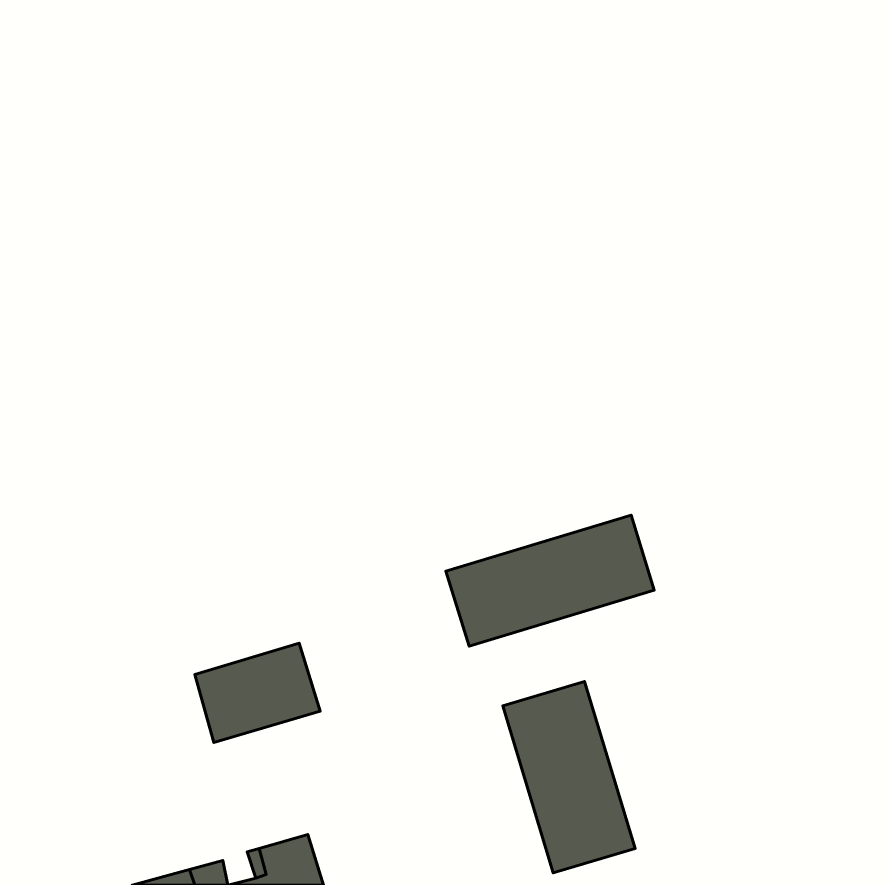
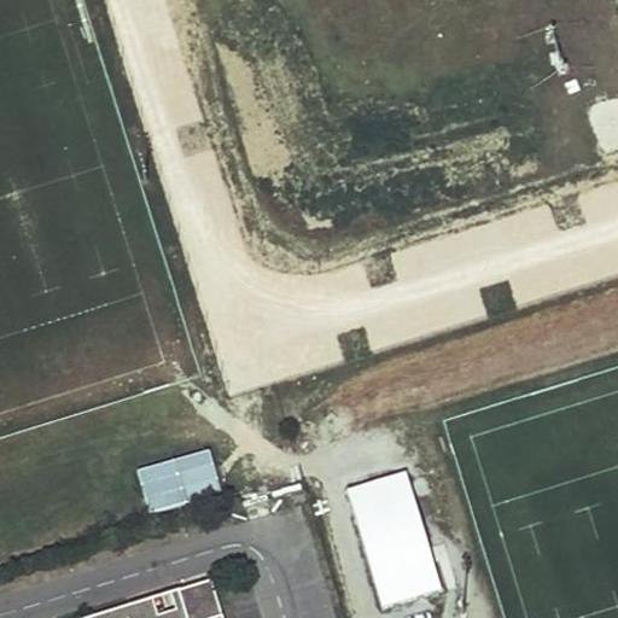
building: [446,515,654,646] -> none

